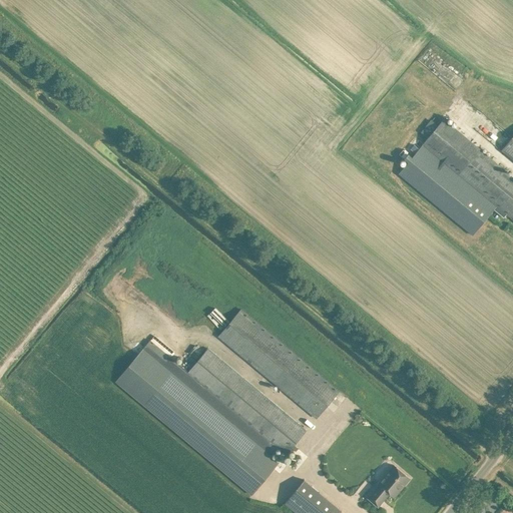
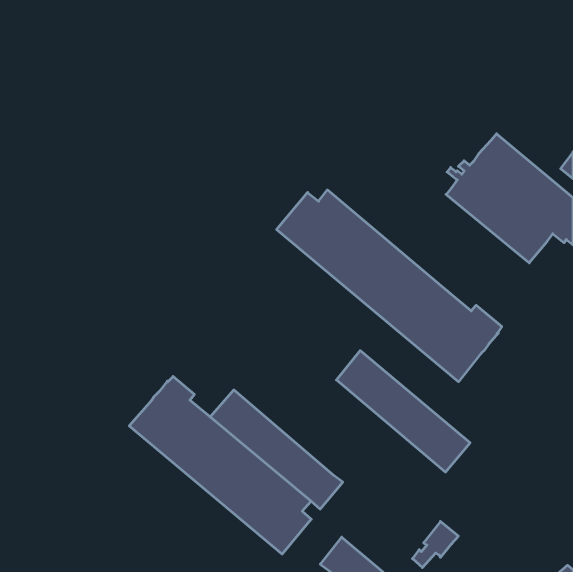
building: none -> [277,190,502,382]
building: [219,311,339,419] -> [336,351,470,472]

